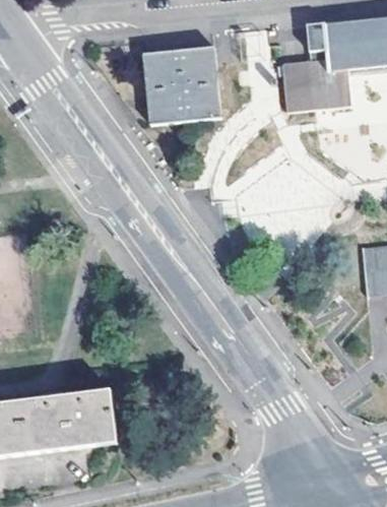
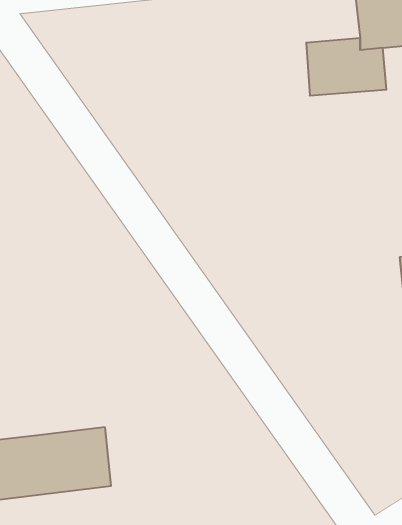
building: [144,48,220,125] -> none

